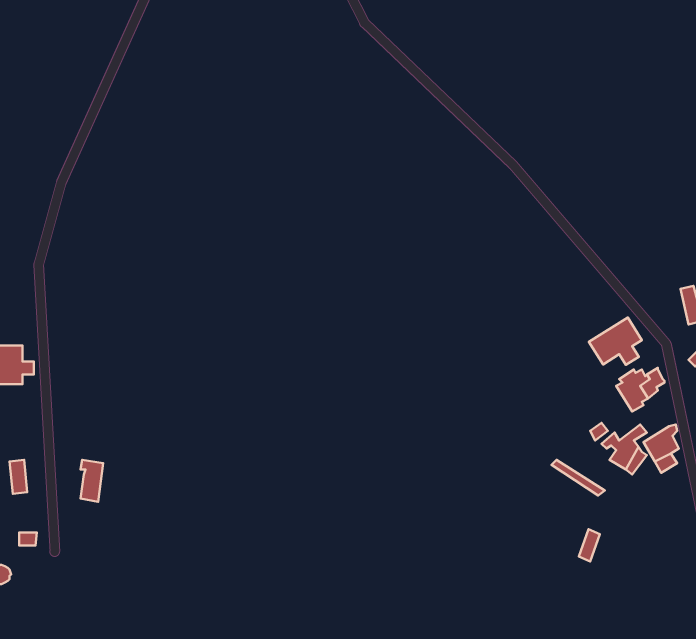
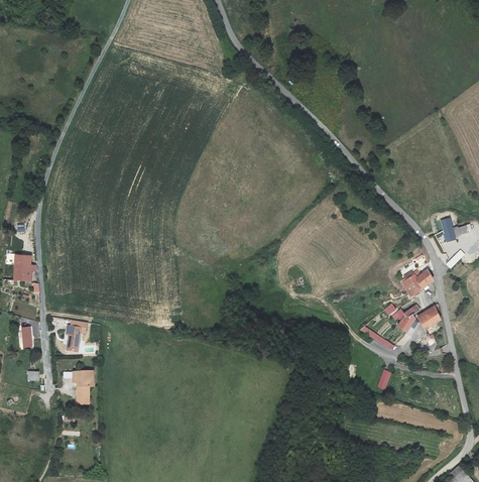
building: [589,317,642,365] -> none
building: none -> [74,370,94,403]

